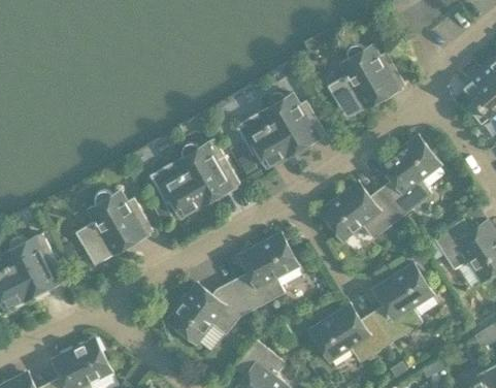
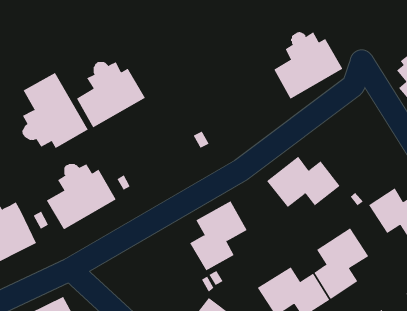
building: none -> [22,72,89,149]
building: [247,94,326,168] -> none
building: [381,135,440,216] -> none
building: [163,143,240,218] -> [76,61,146,128]
building: [167,280,253,344] -> none

